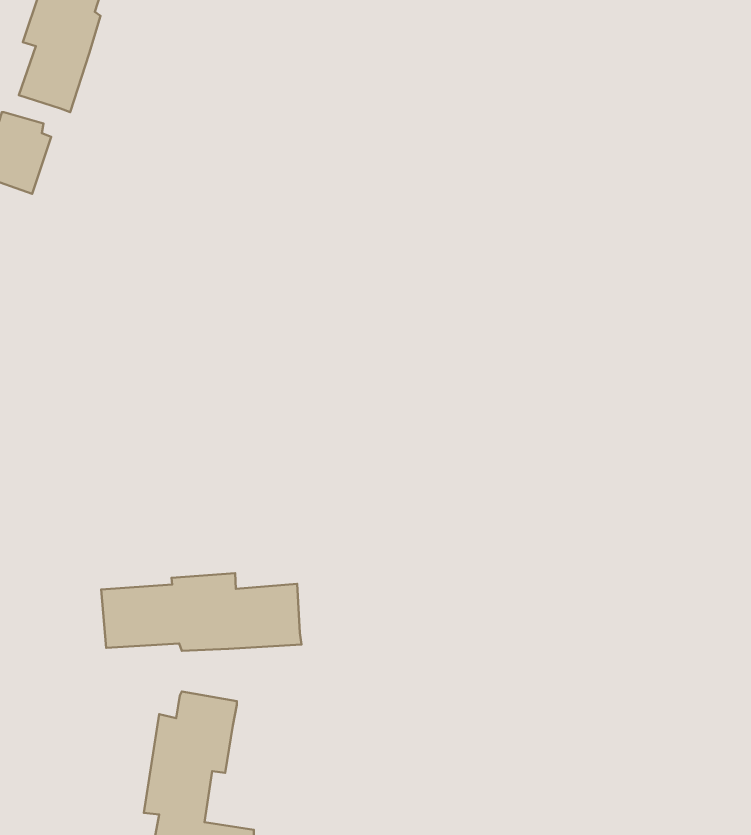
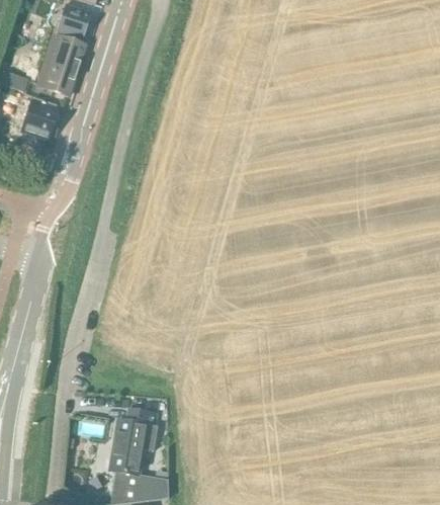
building: [101,573,301,651] -> none

